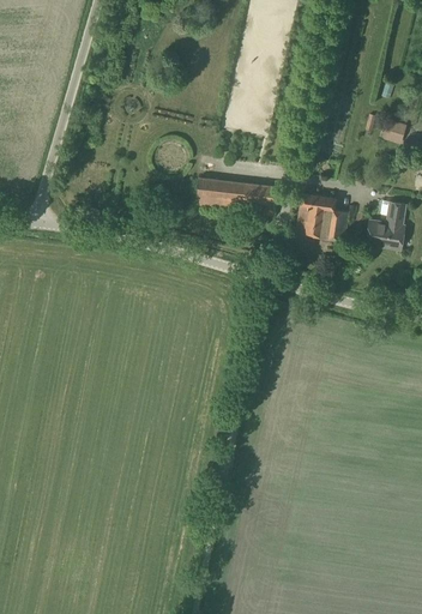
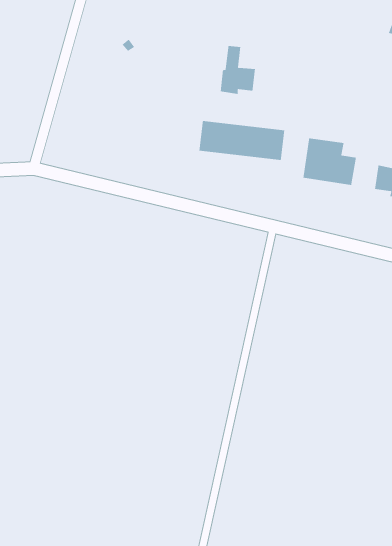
building: none -> [220,45,256,95]

